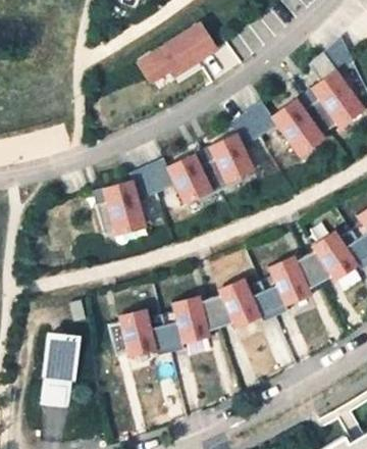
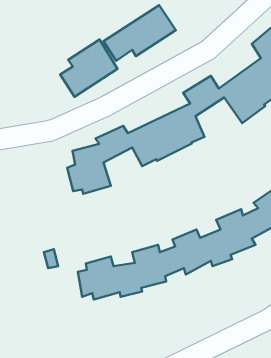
building: none -> [60,40,118,97]
building: [42,340,80,409] -> none

